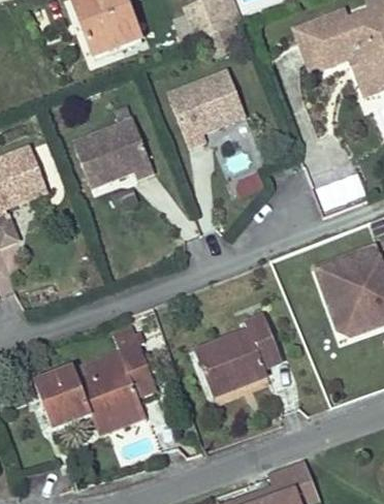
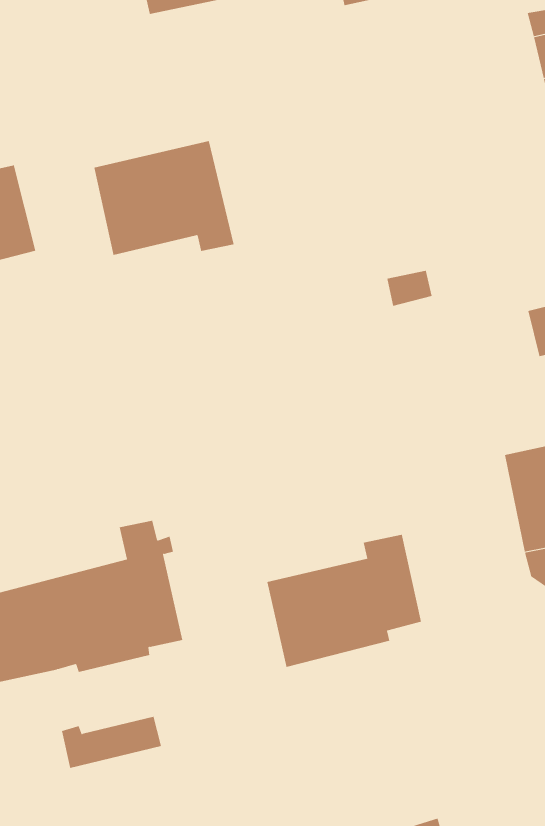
building: [168,70,247,147] -> none
building: [91,398,146,432] -> [61,716,162,769]

